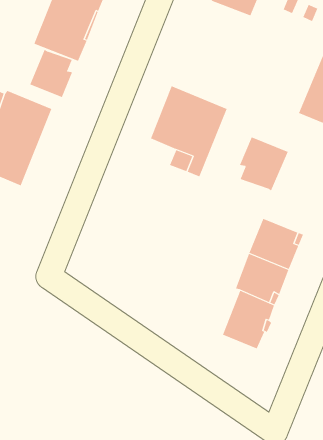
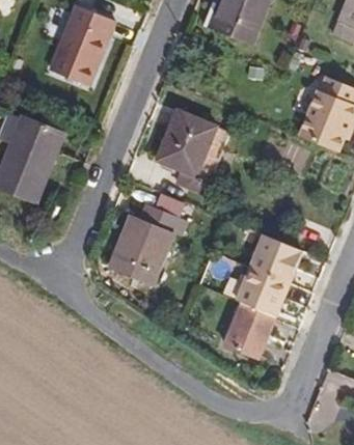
building: [29,49,73,98] -> none
building: [239,136,288,192] -> none
building: none -> [109,201,179,284]

